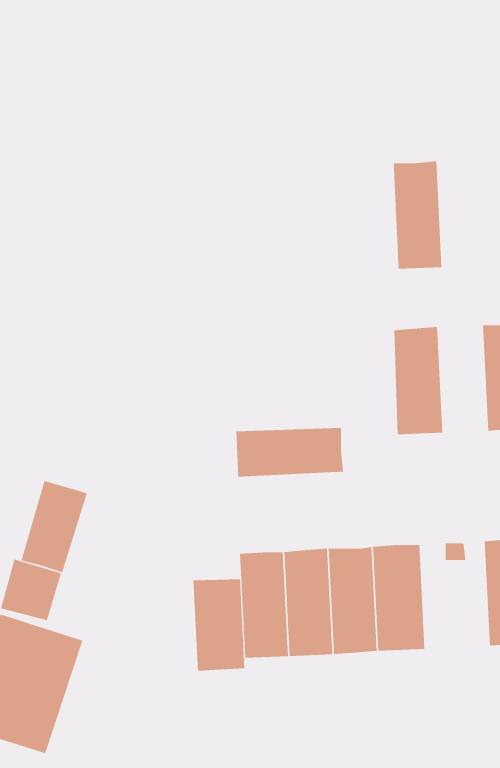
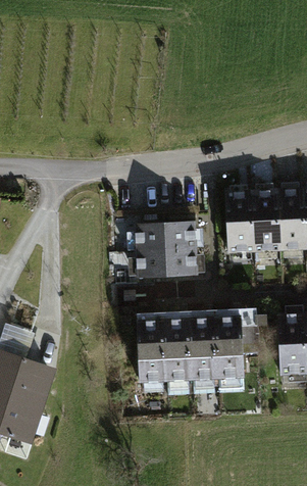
building: [393,161,442,269] -> [252,191,280,253]
building: none -> [135,224,197,252]
building: [21,480,87,573] -> none
building: [193,579,245,672] -> none

